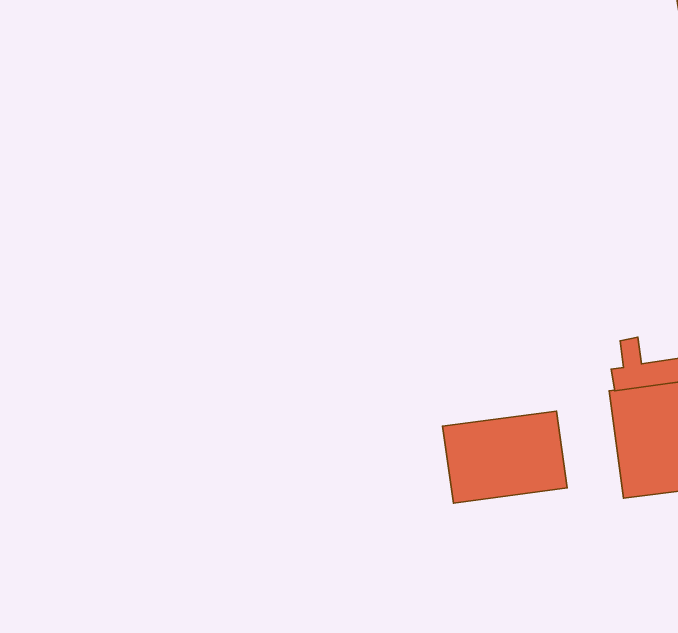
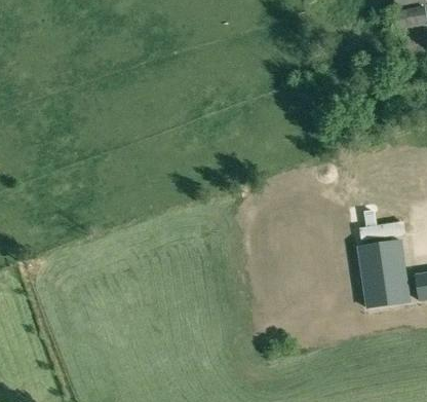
building: [443,411,567,503] -> none

